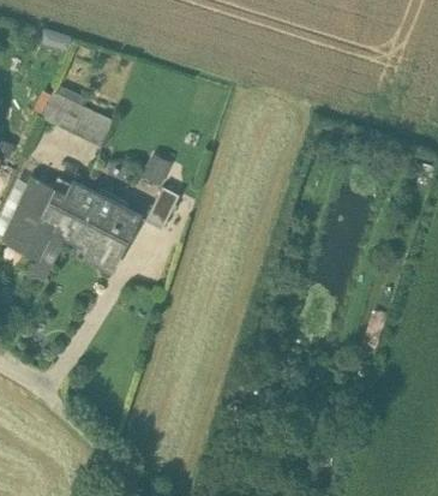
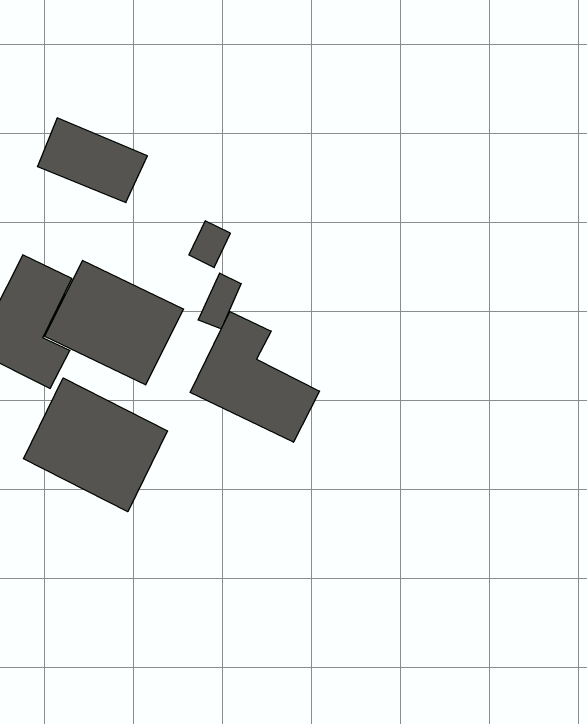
building: none -> [190,312,320,442]
building: none -> [23,378,167,512]

